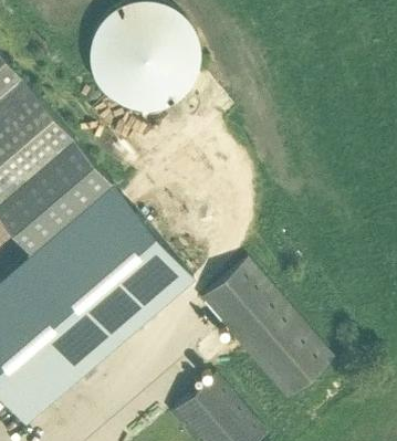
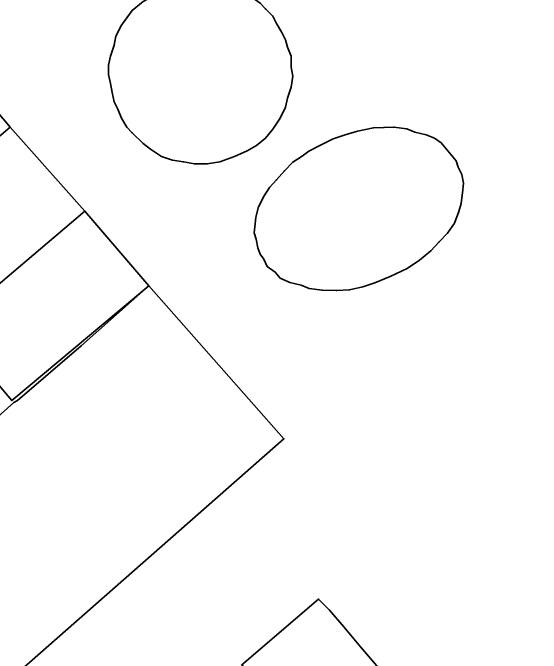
building: none -> [254,127,464,290]
building: [198,259,334,401] -> none

